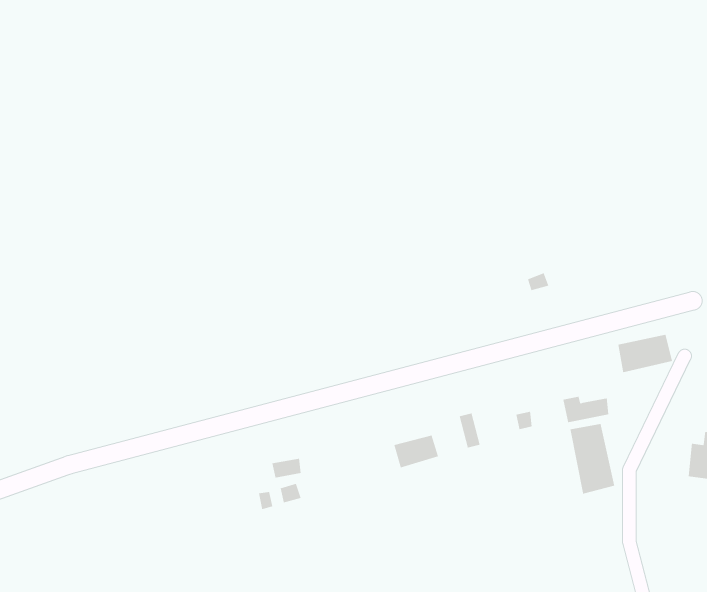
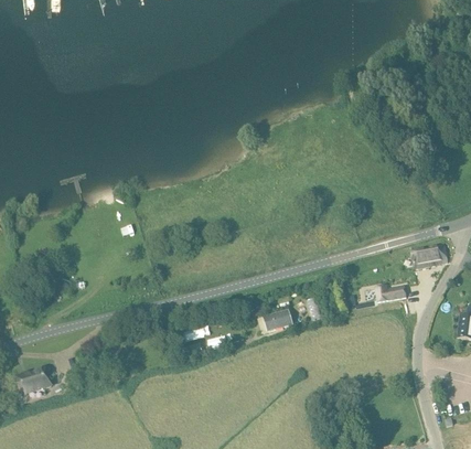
building: [570,423,615,494] -> none
building: none -> [15,371,51,398]

